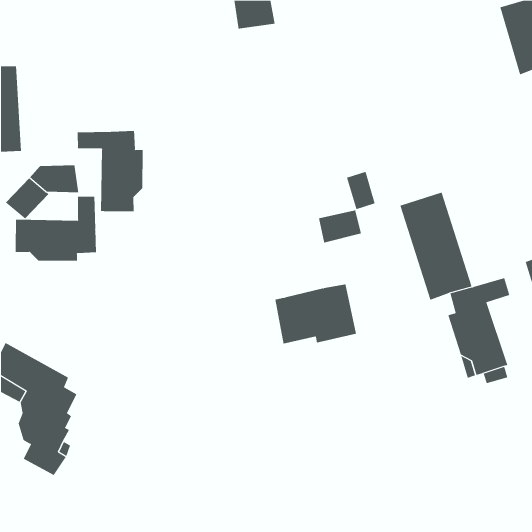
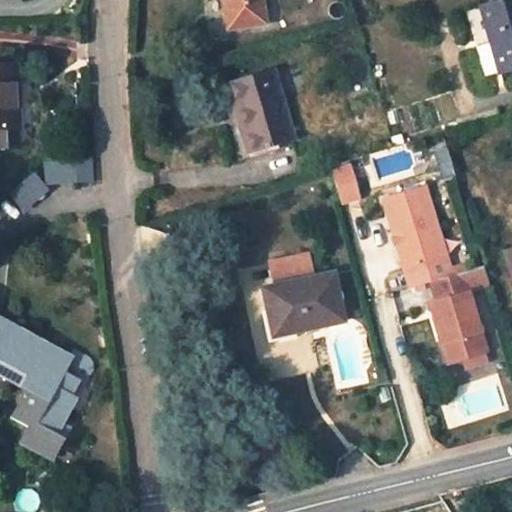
building: none -> [227,69,294,154]
building: [77,130,143,212] -> none
building: [15,196,97,261] -> none
building: [318,210,362,243] -> [269,254,311,286]

